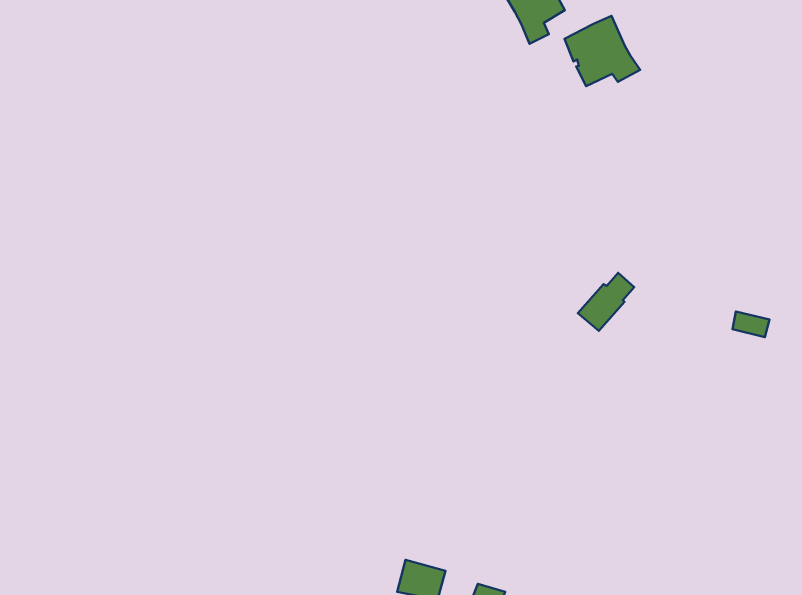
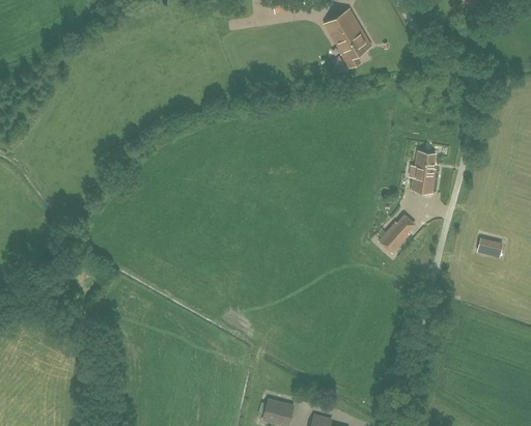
building: [564,16,640,86] -> none
building: none -> [412,151,436,192]

